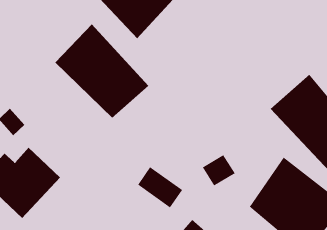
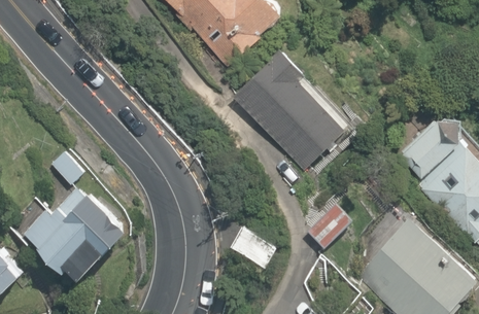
building: [55,24,149,118] -> [234,44,354,165]

